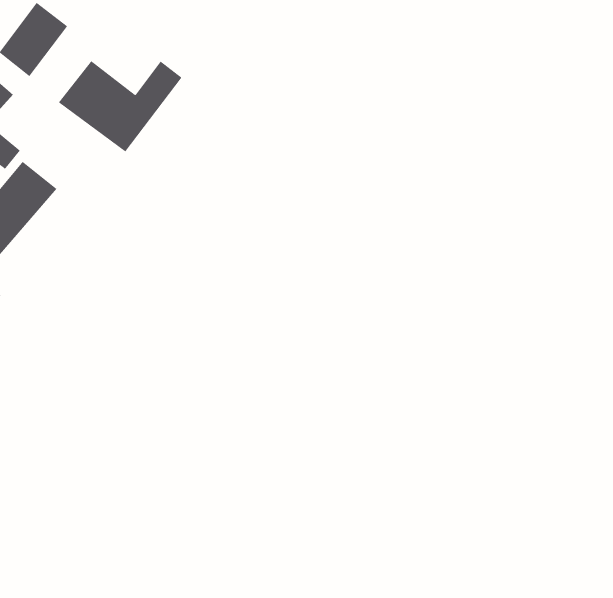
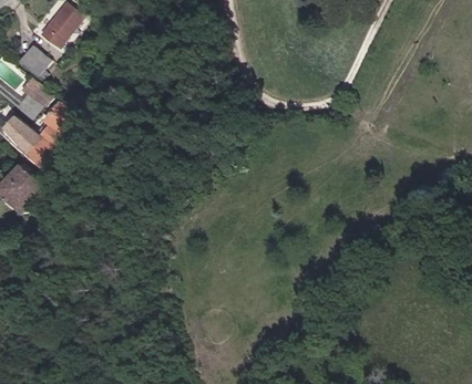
building: [58,60,182,152] -> none

